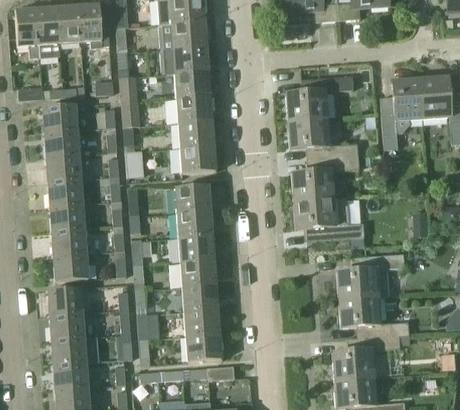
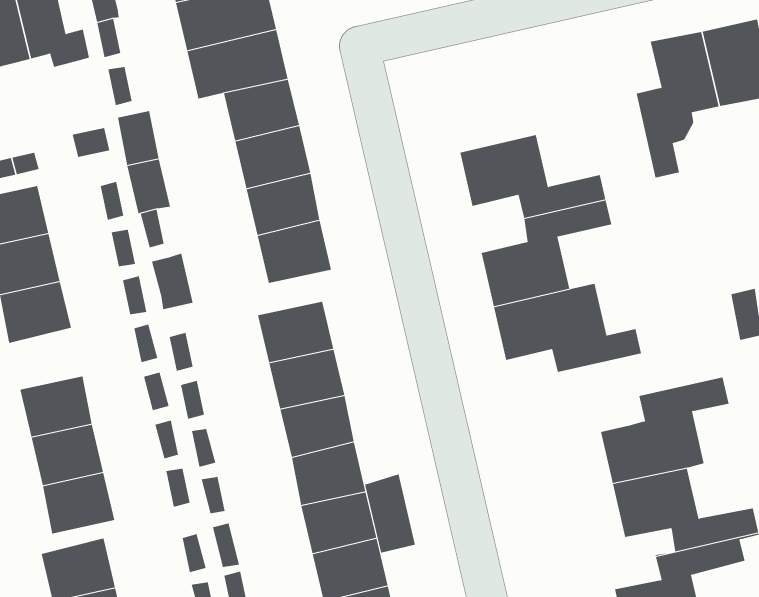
building: [286,75,354,121] -> none
building: [47,179,82,206] -> none
building: none -> [365,474,416,554]

